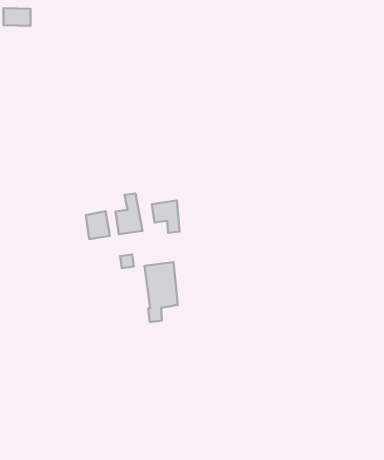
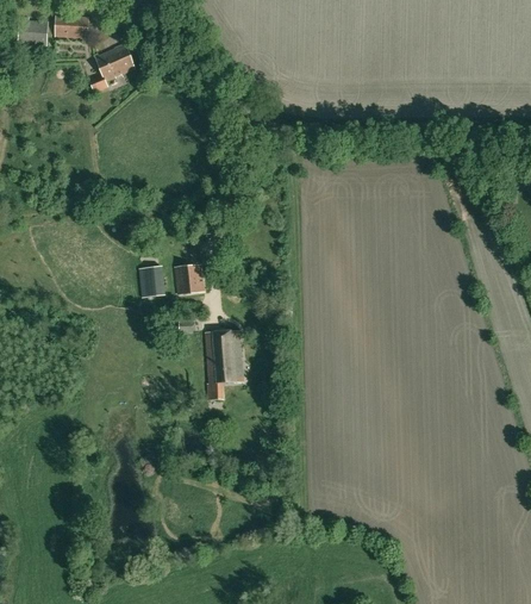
building: none -> [89,43,135,93]
building: [152,200,180,233] -> none

